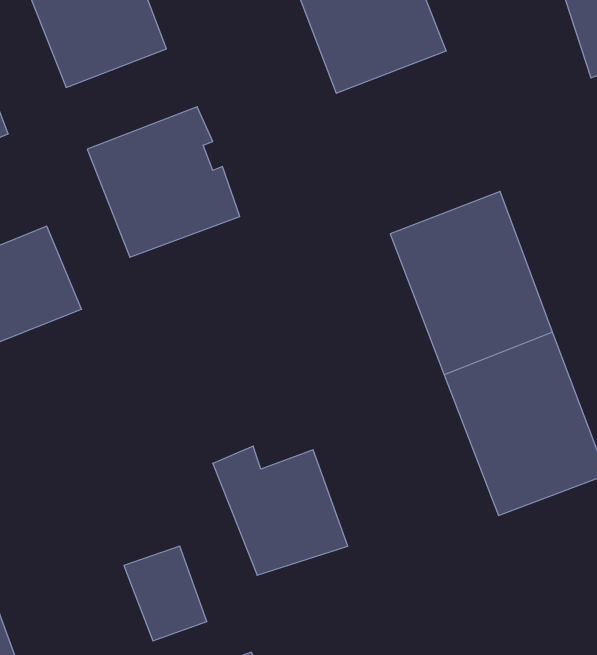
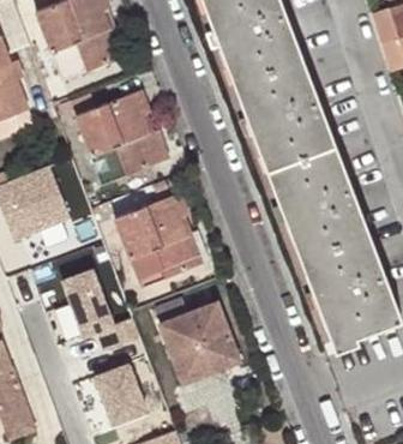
building: none -> [231,55,333,169]
building: none -> [115,193,204,288]
building: none -> [66,269,143,348]

